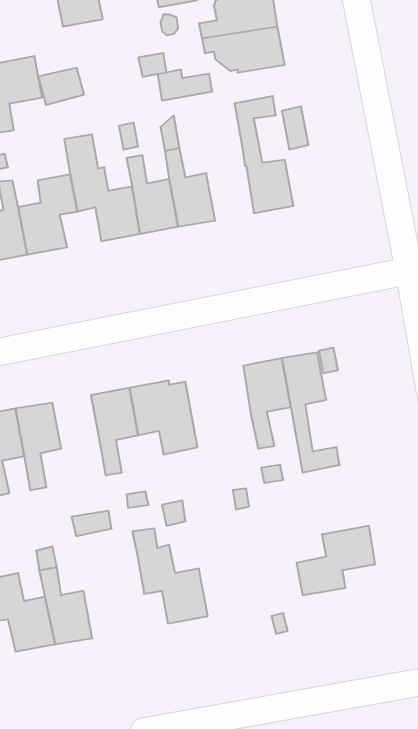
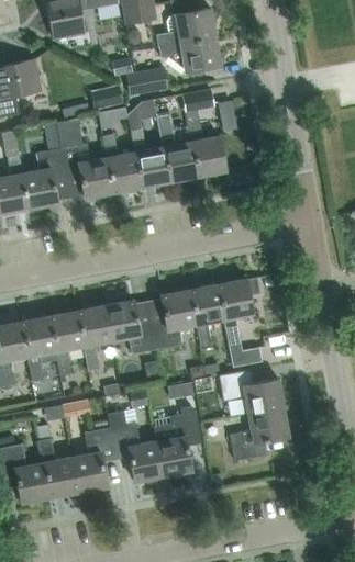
building: [38,68,84,105] -> [89,83,123,111]
building: none -> [157,113,198,182]
building: none -> [147,290,196,350]
building: none -> [48,312,84,376]
building: none -> [219,370,284,417]
building: none -> [155,407,201,475]
building: none -> [71,428,117,492]

